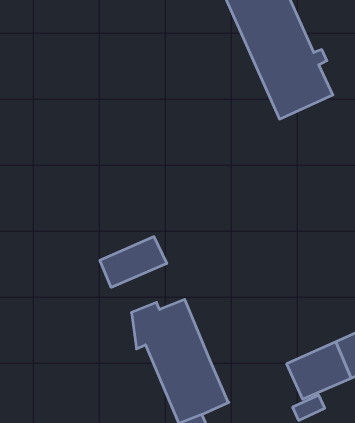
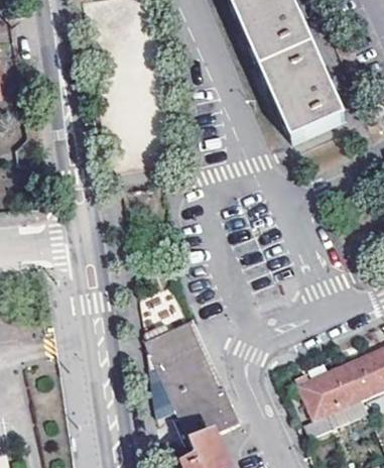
building: [100,237,167,287] -> none

